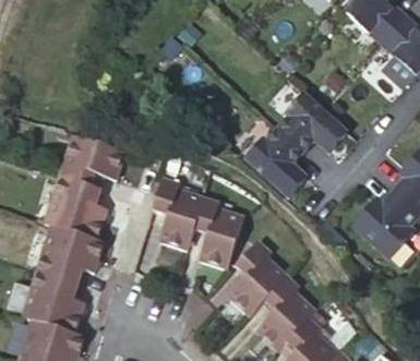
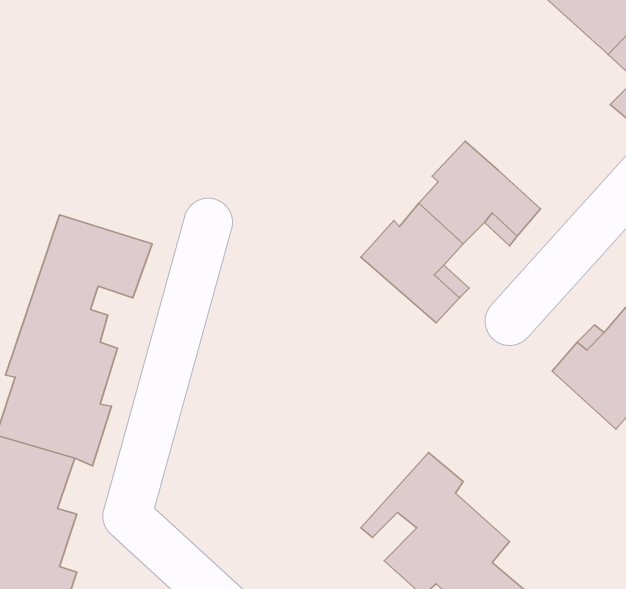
building: [152,177,243,268] -> none
building: [228,240,281,311] -> none

